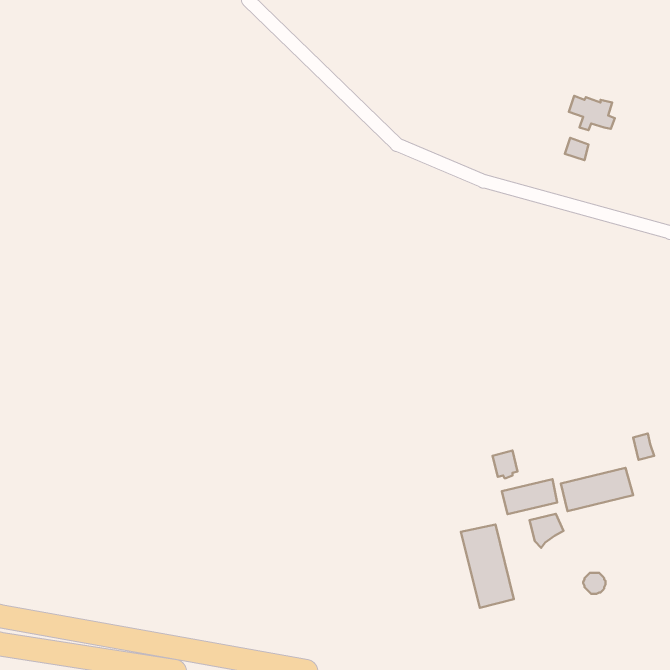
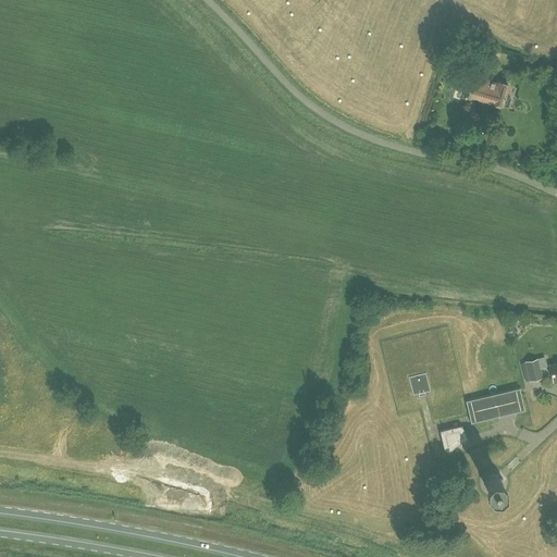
building: [502,479,557,514] -> none
building: [461,525,514,608] -> none

